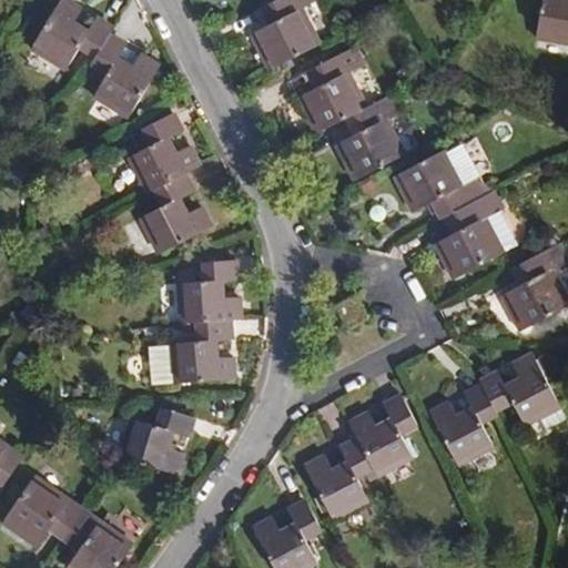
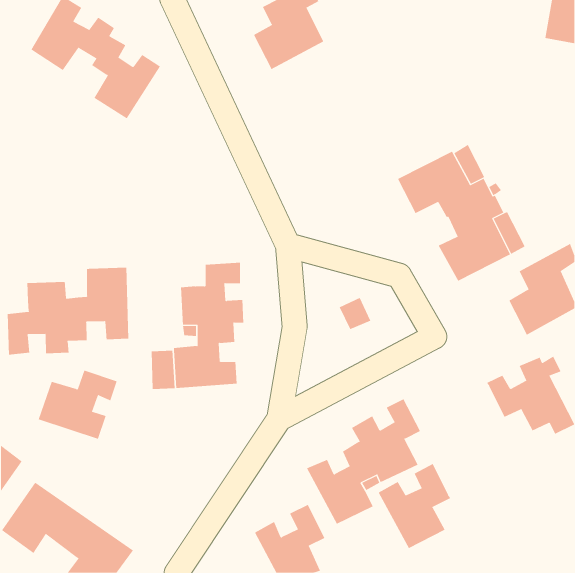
building: [296,48,405,180] -> none
building: [125,110,212,254] -> none
building: none -> [7,267,129,355]
building: [427,381,499,465] -> [378,463,451,549]
building: [115,406,194,475] -> [38,370,118,440]

